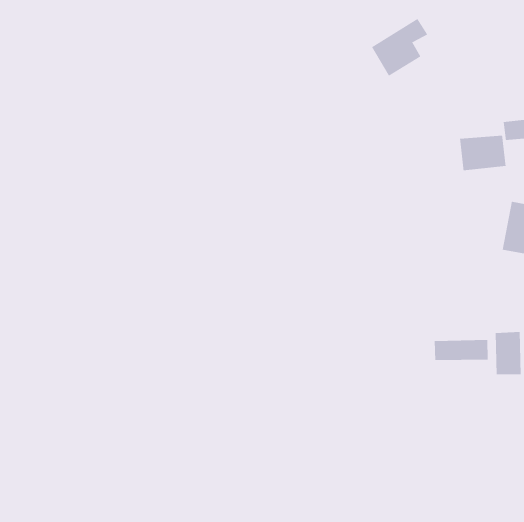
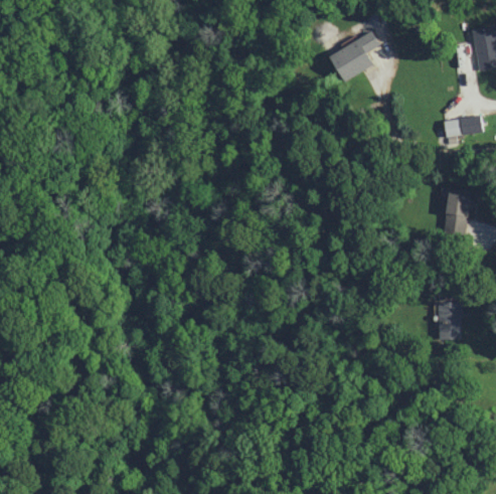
building: [460,135,506,171] -> none
building: [434,339,488,361] -> none

